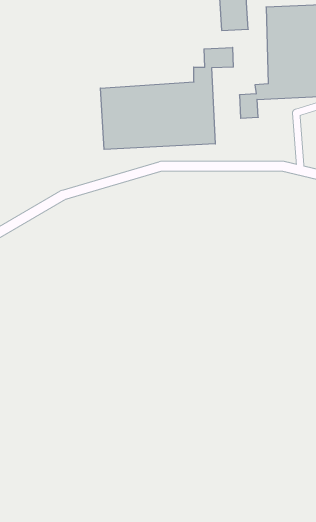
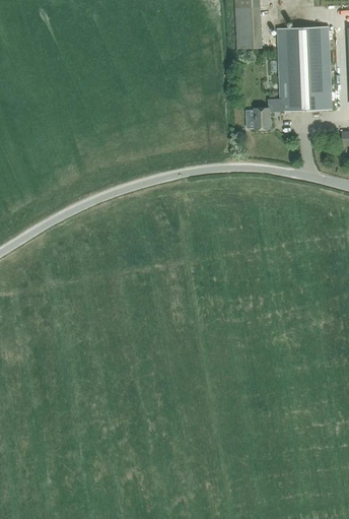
building: [100,47,233,149] -> none

